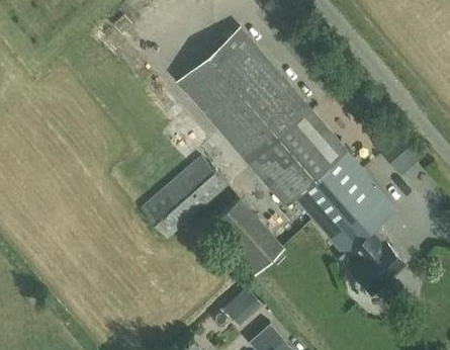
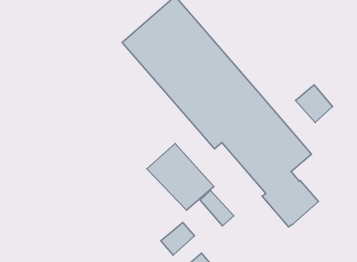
building: [142,156,228,239] -> none
building: none -> [200,190,234,226]

